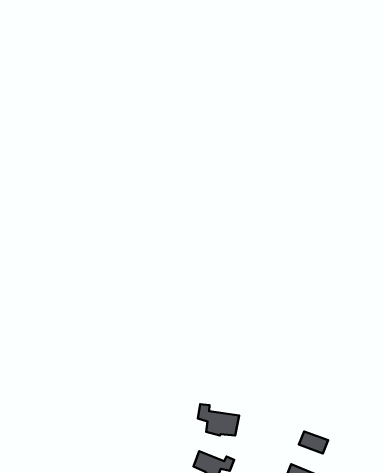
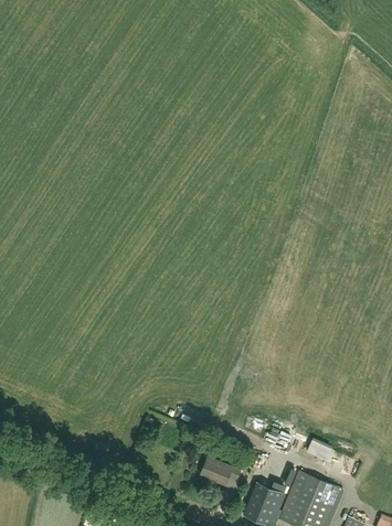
building: [198,404,239,436] -> none

